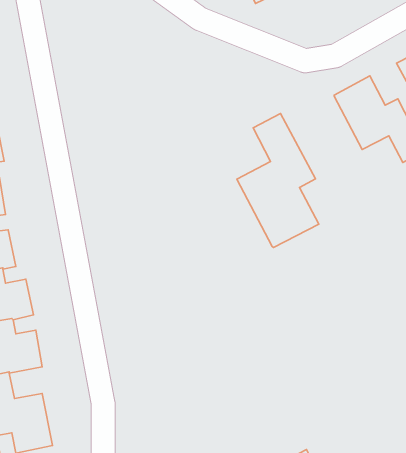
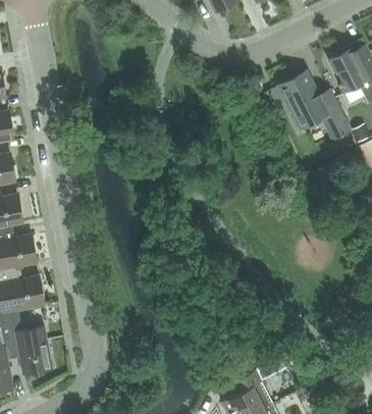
building: [237,114,319,248] -> none

